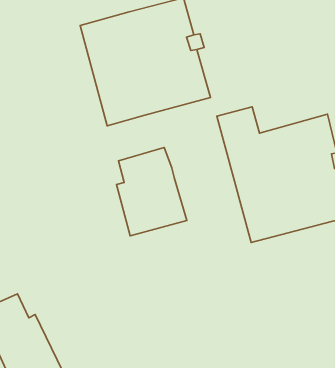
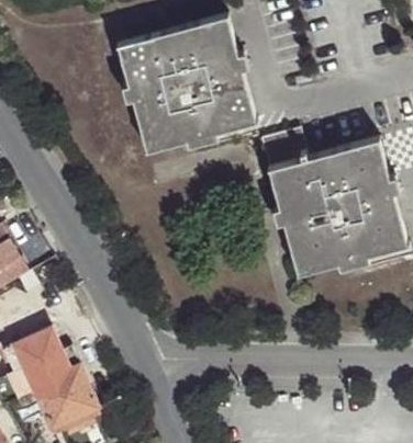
building: [116,147,187,236] -> none

